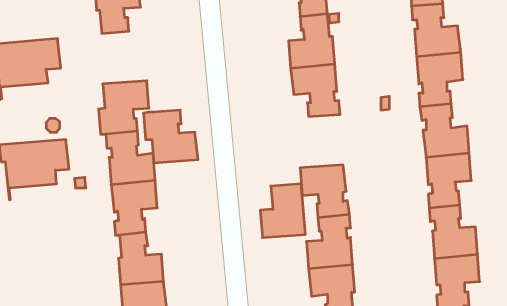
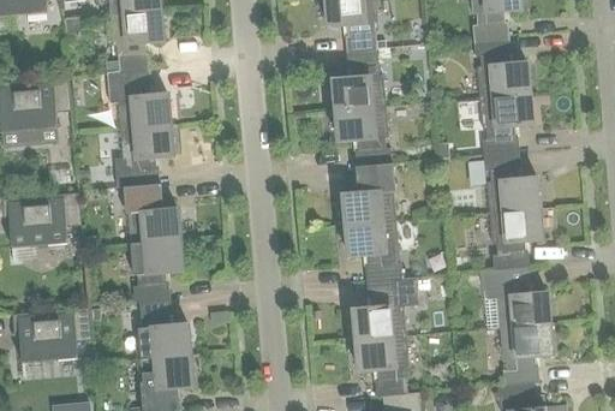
building: [143,110,198,163] -> [108,68,171,129]
building: [260,184,305,238] -> [344,163,395,225]
building: none -> [12,306,91,376]

